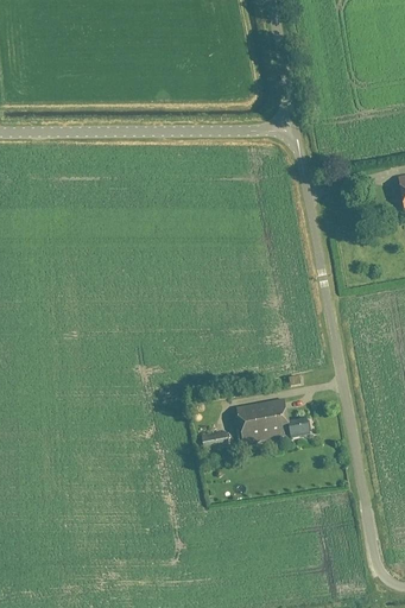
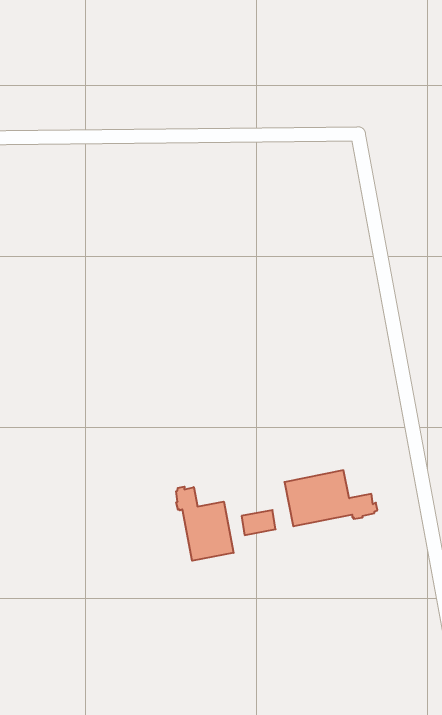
building: none -> [176,487,234,561]

